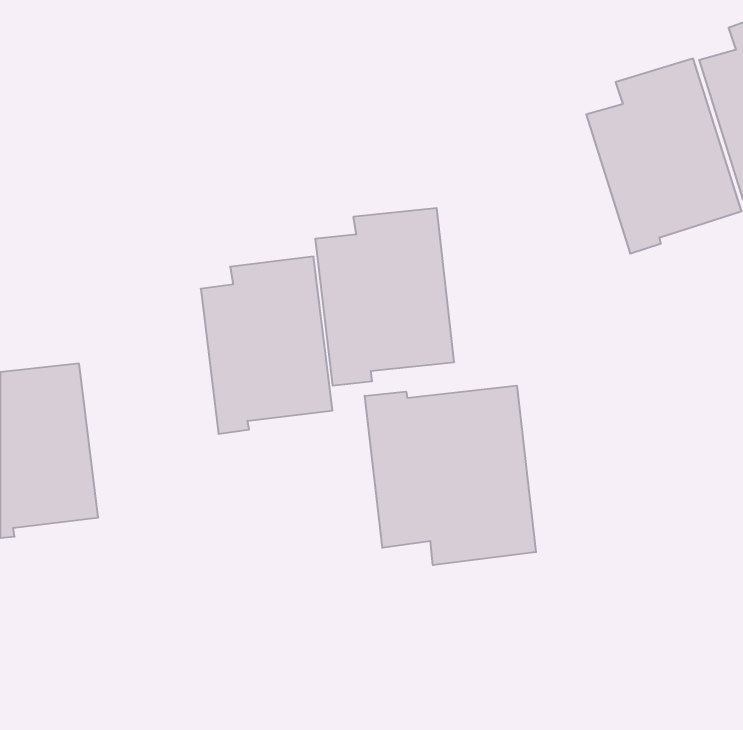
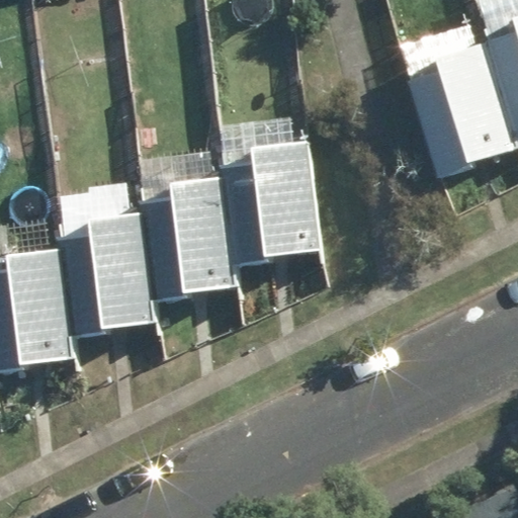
building: none -> [64,213,154,336]
building: [365,386,536,565] -> none

